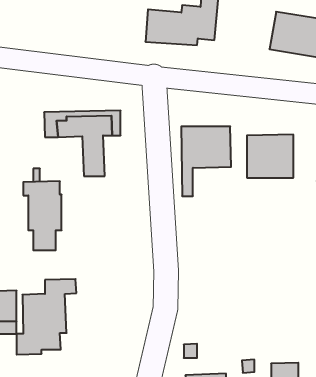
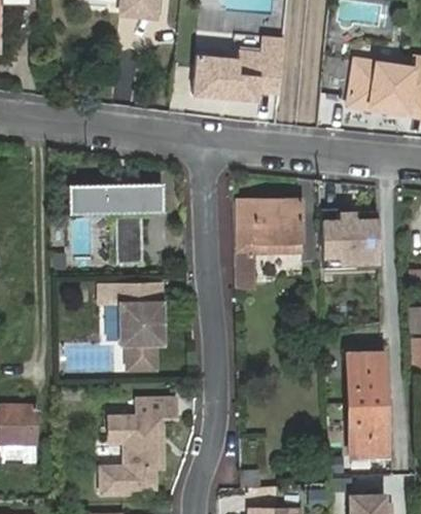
building: [23,181,62,250] -> [114,282,162,368]
building: none -> [347,351,385,456]
building: [17,279,76,355] -> [101,399,175,492]

